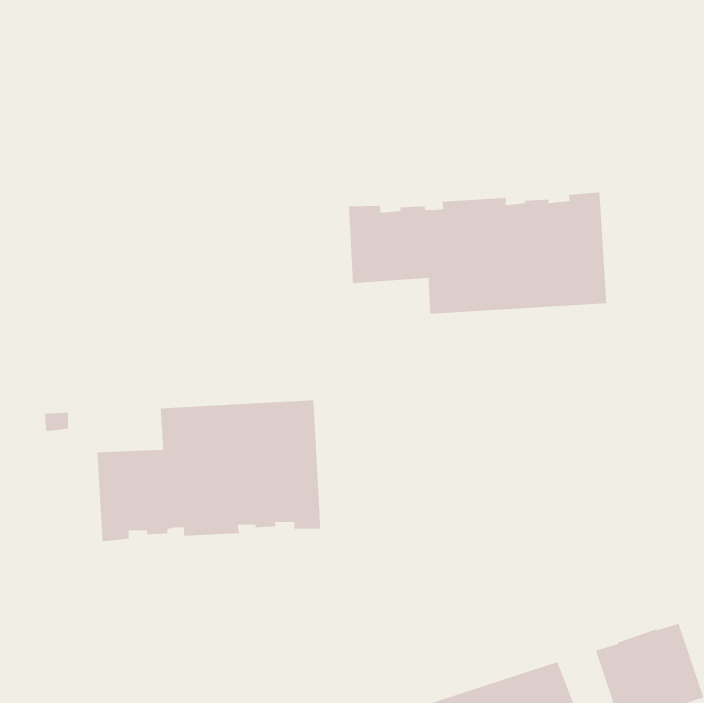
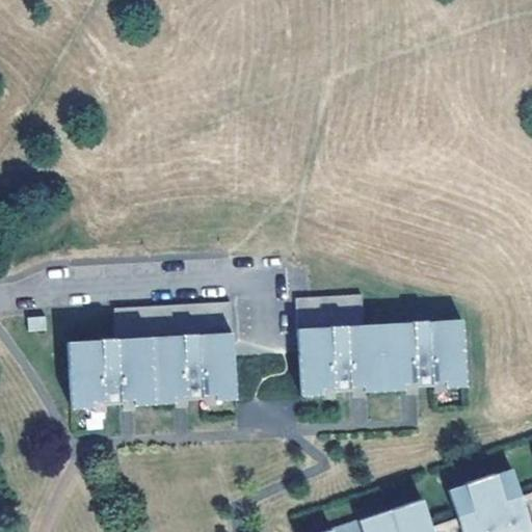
building: [349,191,607,314] -> none
building: none -> [295,295,466,396]

